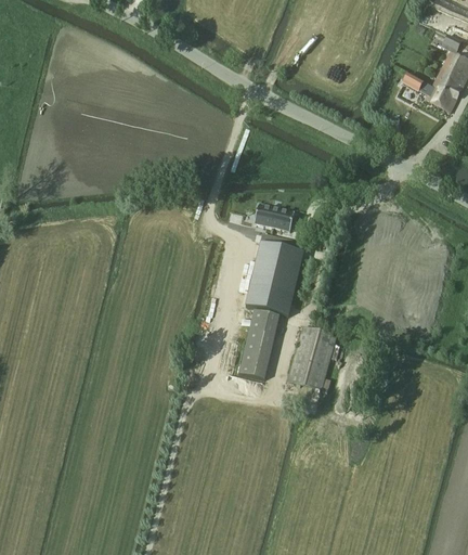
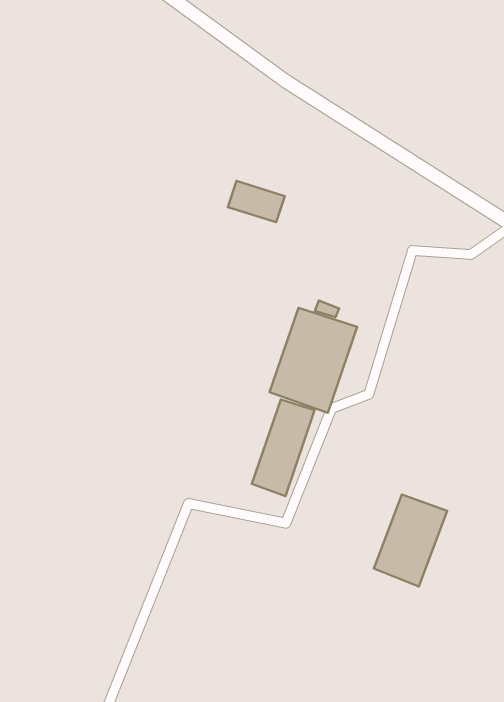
building: [254,204,294,231] -> [228,181,285,222]
building: [287,326,336,391] -> [374,494,447,586]

